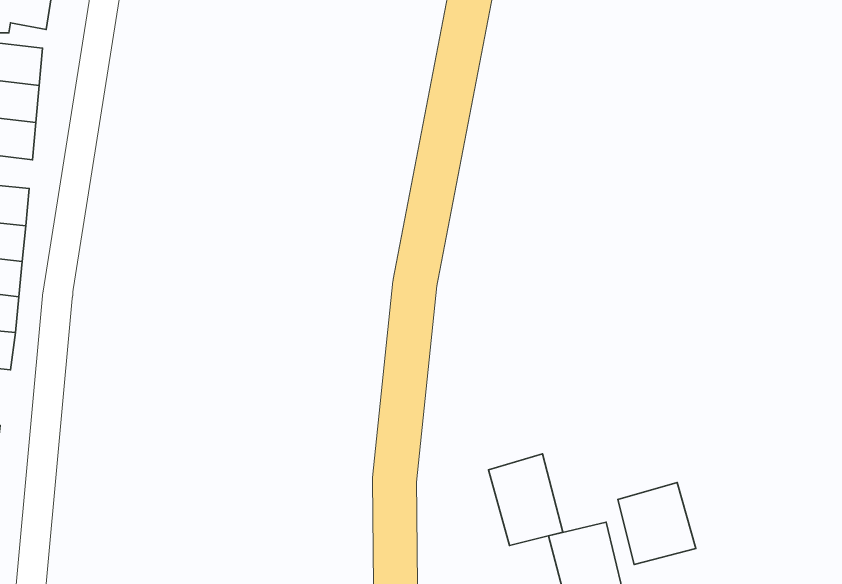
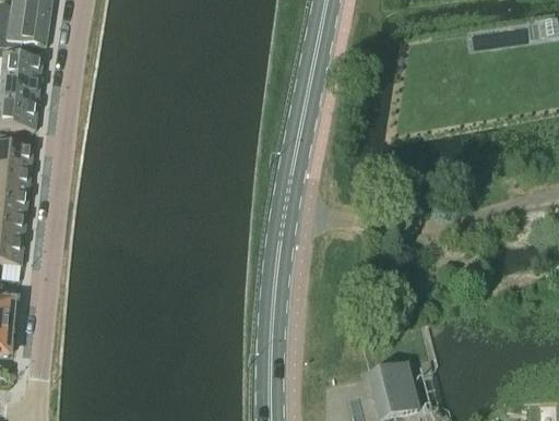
building: [488,454,563,545] -> none
building: [618,482,696,565] -> none

